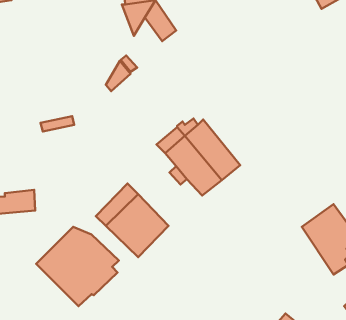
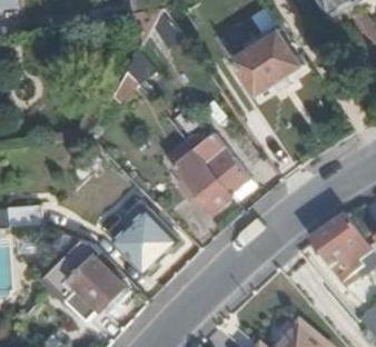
building: none -> [231,27,304,96]

